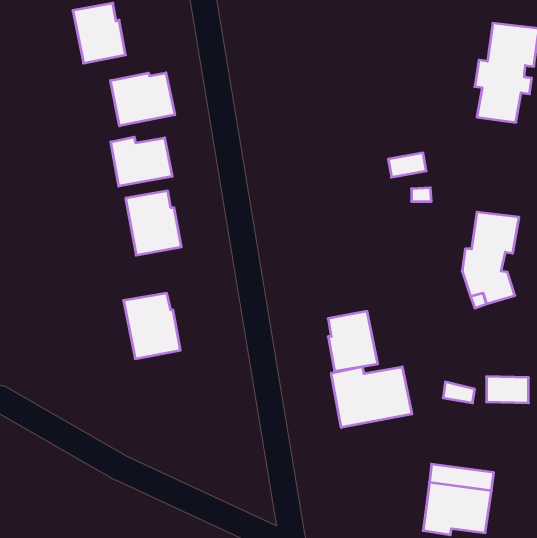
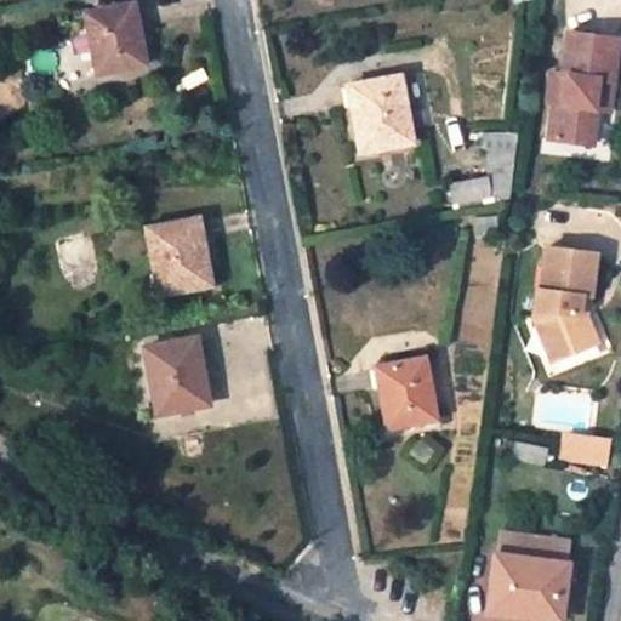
building: none -> [352,76,414,153]
building: [111,73,175,126] -> none
building: [111,137,172,186] -> none
building: [331,367,412,428] -> none

